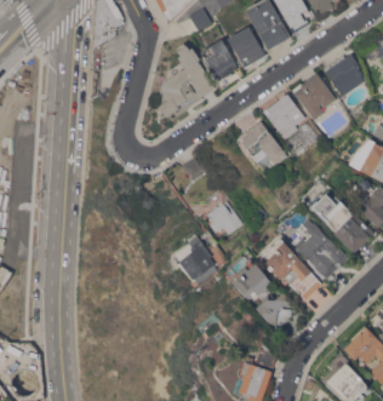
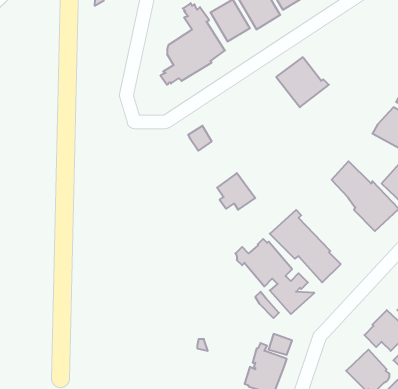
building: [324,53,364,96] -> none
building: [292,73,336,120] -> none
building: [241,121,287,172] -> none
building: [292,218,348,277] -> none
building: [175,235,217,283] -> none

